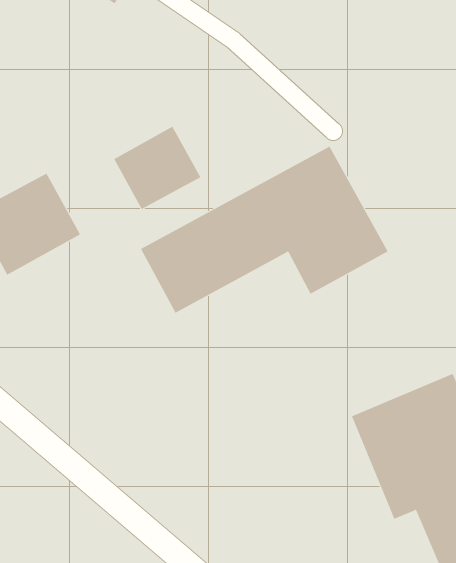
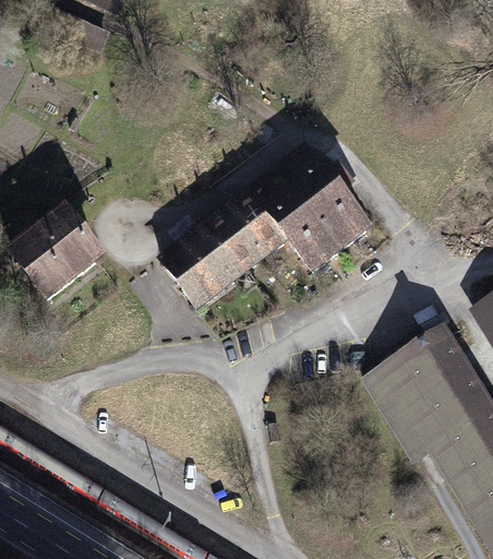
building: [114,126,201,210] -> none

